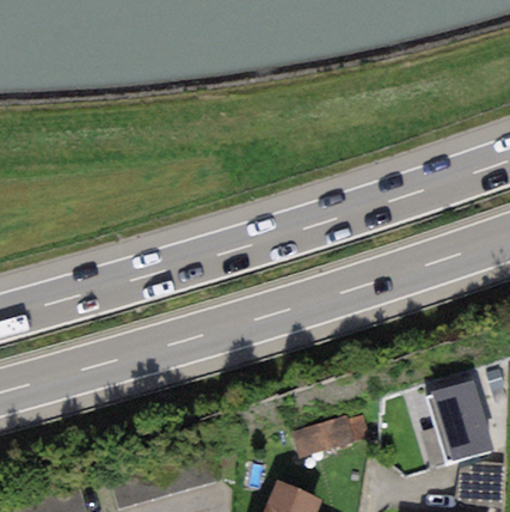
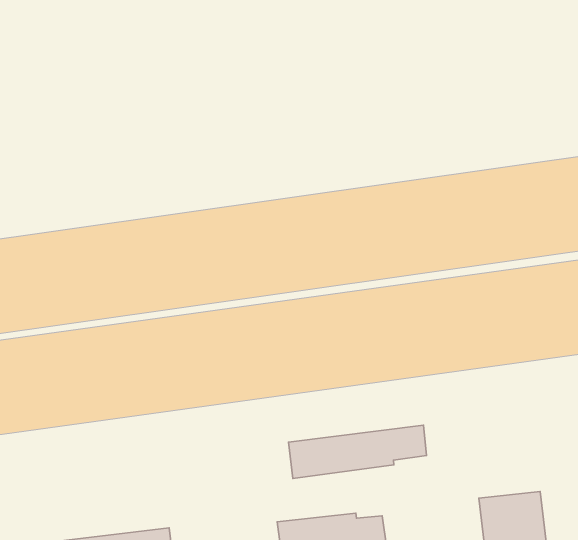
building: none -> [289,425,426,478]

